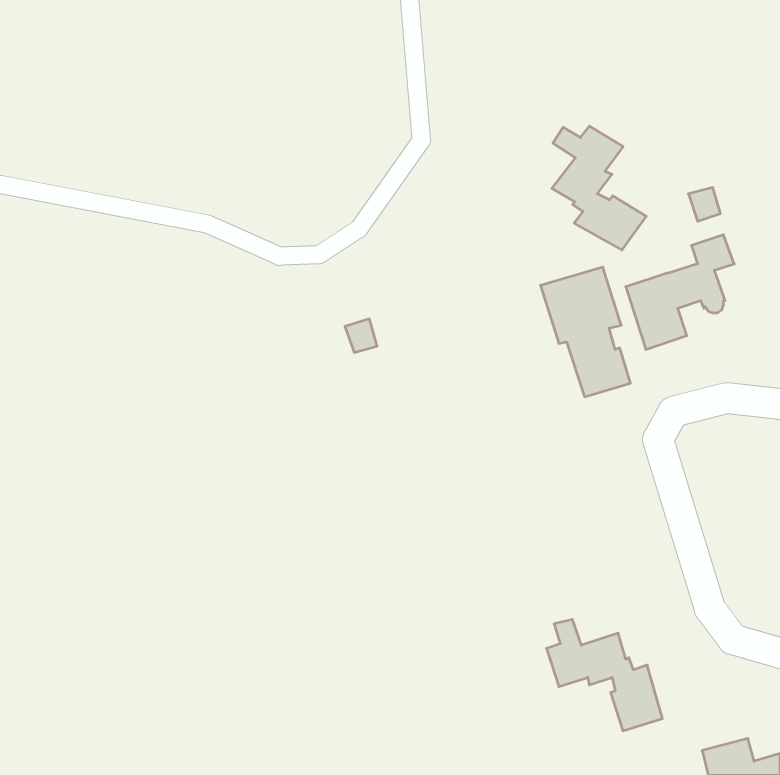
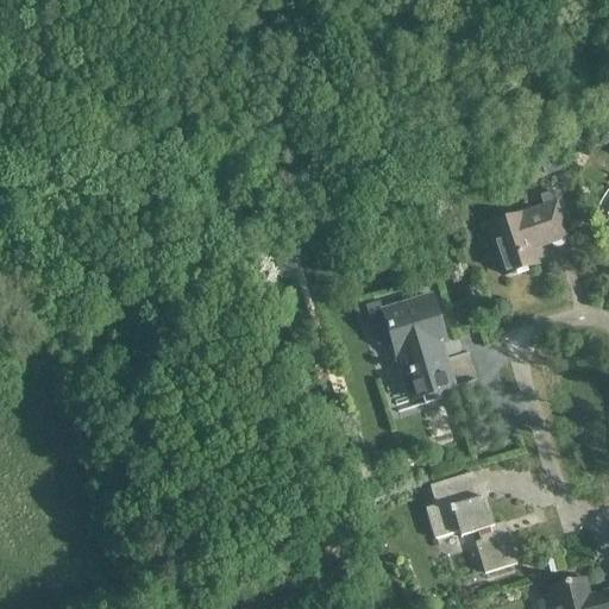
building: [552,126,646,250] -> none
building: [540,267,630,397] -> [382,295,452,396]

